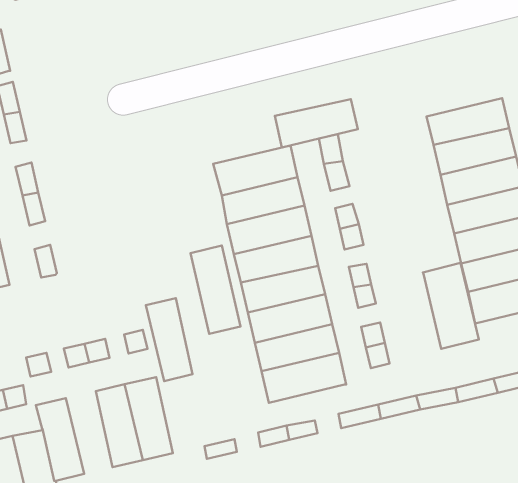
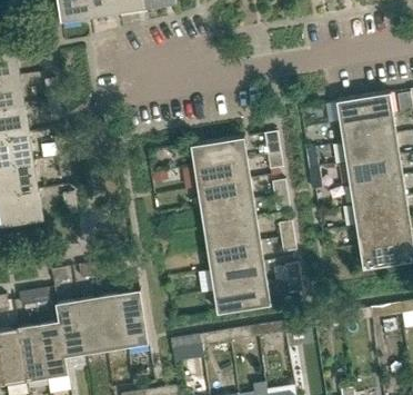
building: [275,99,358,148] -> [336,93,393,124]
building: [191,246,241,334] -> none
building: [423,263,479,349] -> none
building: [146,298,193,381] -> [77,297,105,354]

